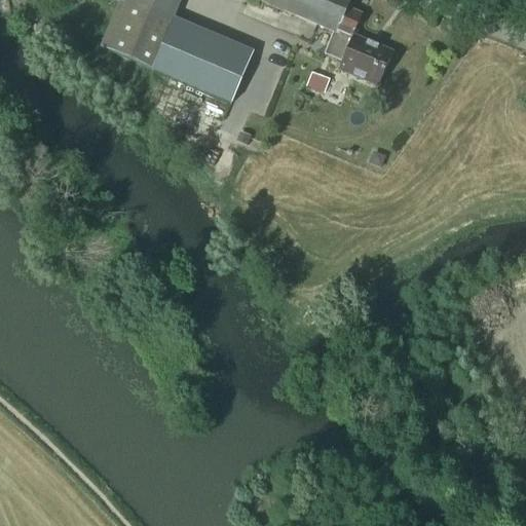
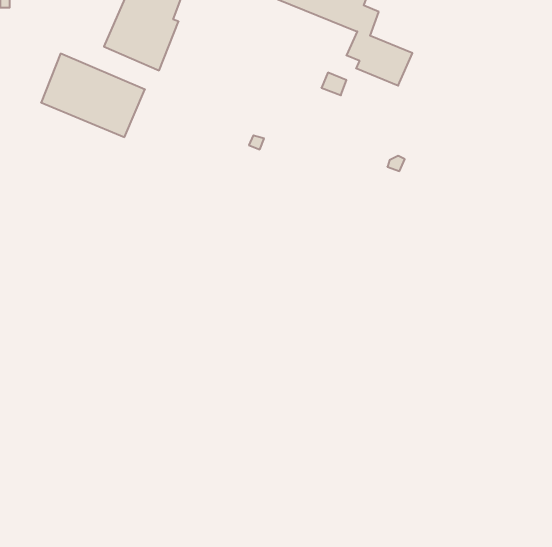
building: [152,21,251,100] -> [41,54,145,137]

